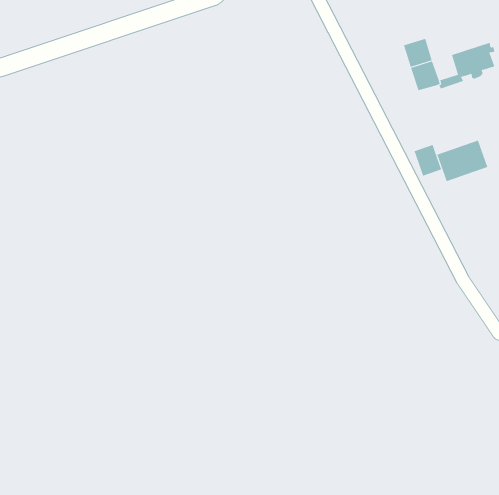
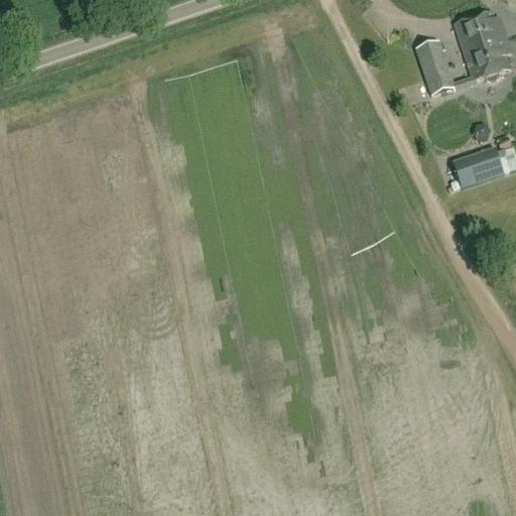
building: none -> [455,10,506,56]
building: [414,144,442,177] -> none

